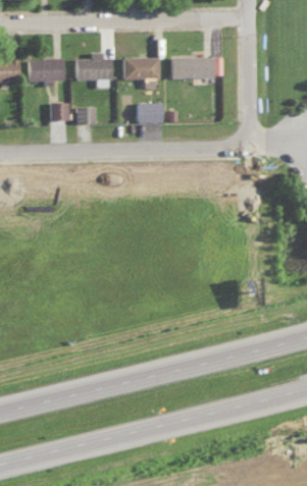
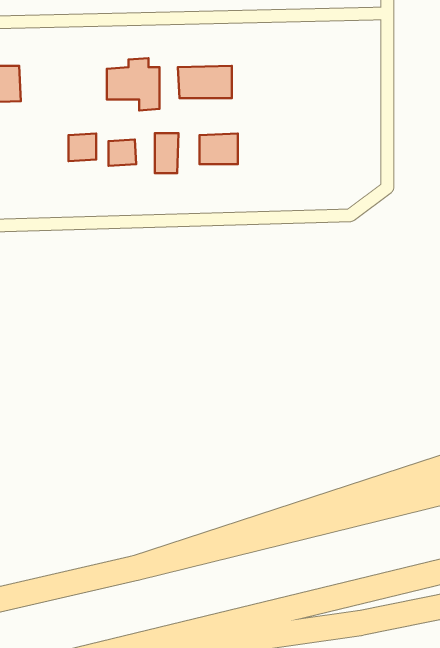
building: [171,57,214,78] -> none
building: [29,59,64,83] -> none
building: none -> [155,133,178,173]

